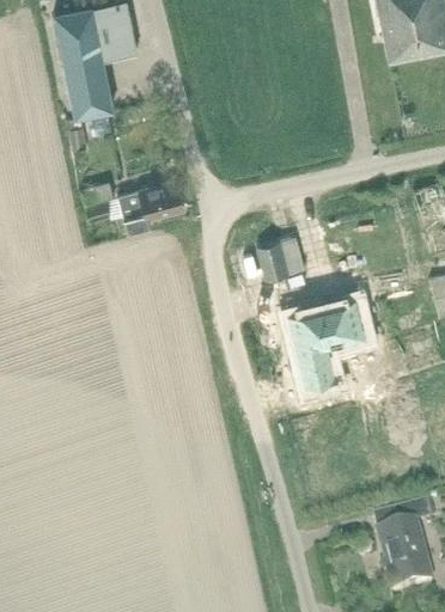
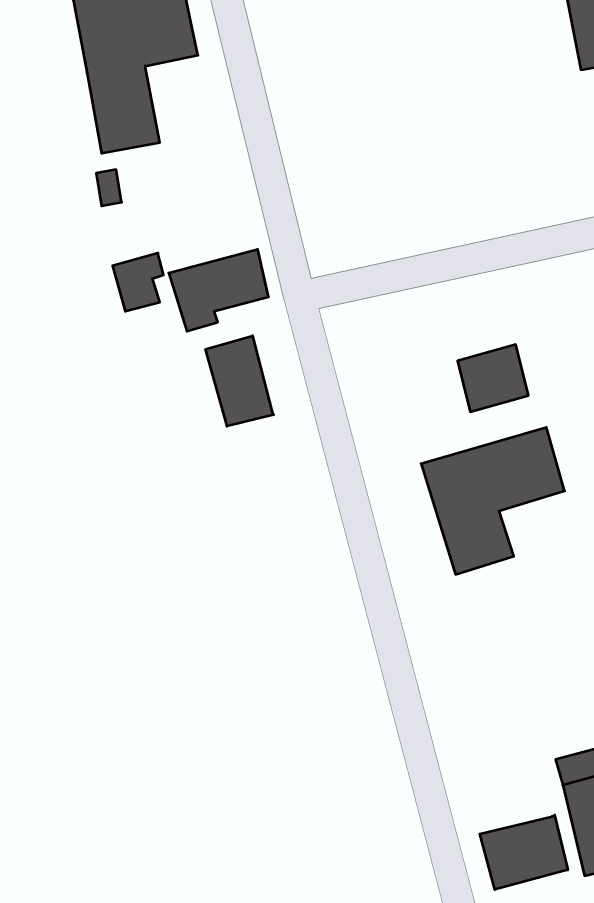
building: [257,235,304,280] -> [458,345,528,412]
building: none -> [206,336,274,426]
building: none -> [480,815,568,890]

